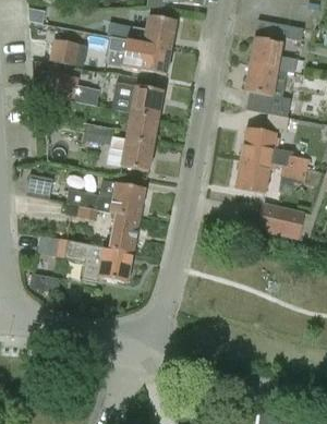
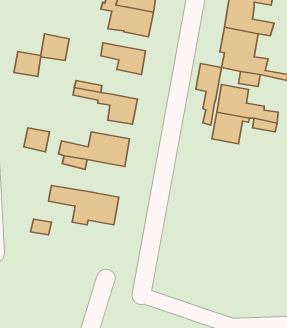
building: [48,38,77,65] -> [14,52,41,76]
building: none -> [196,64,222,125]
building: [125,110,158,143] -> none
building: [256,202,305,241] -> none
building: [109,213,140,251] -> none

